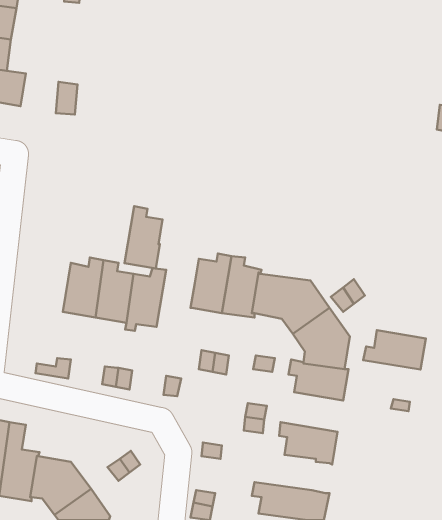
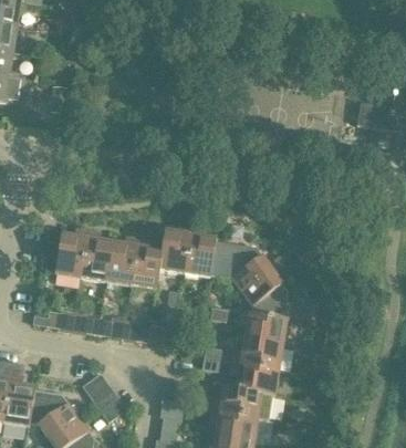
building: [125,206,163,269] -> [131,237,162,288]
building: [363,330,426,370] -> [231,336,282,368]
building: none -> [210,385,271,418]

